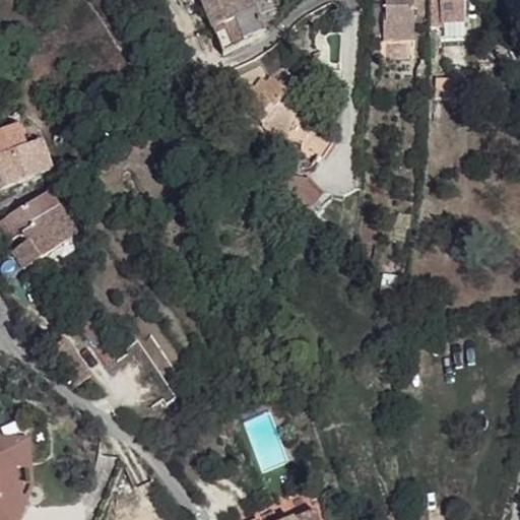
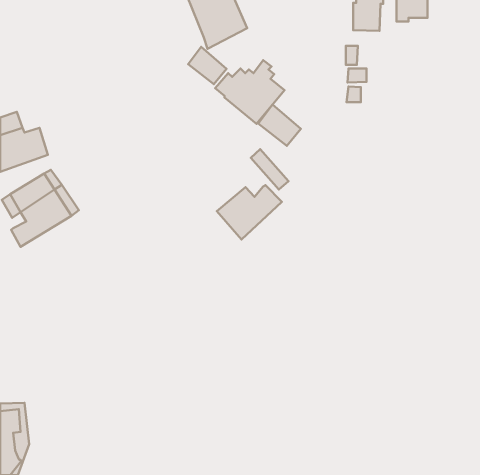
building: none -> [188,47,227,84]
building: none -> [258,105,301,146]
building: none -> [217,185,282,239]

